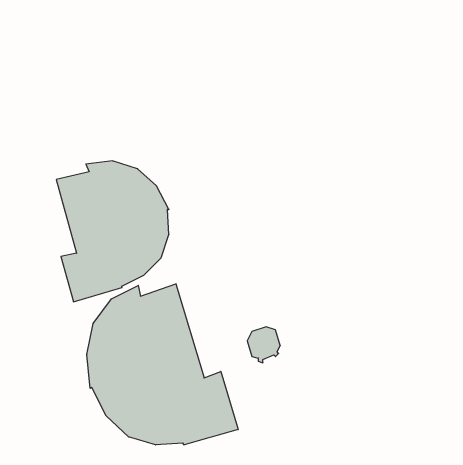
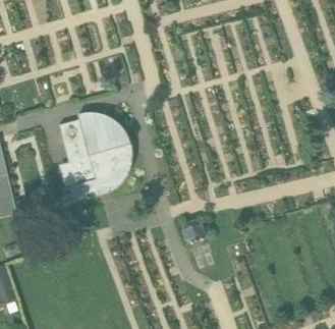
building: [87,284,238,445] -> none

